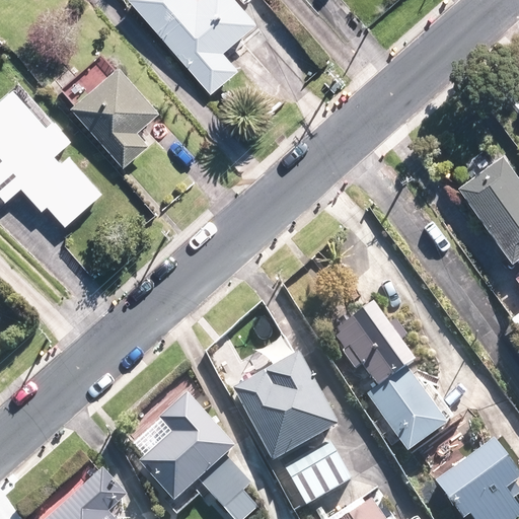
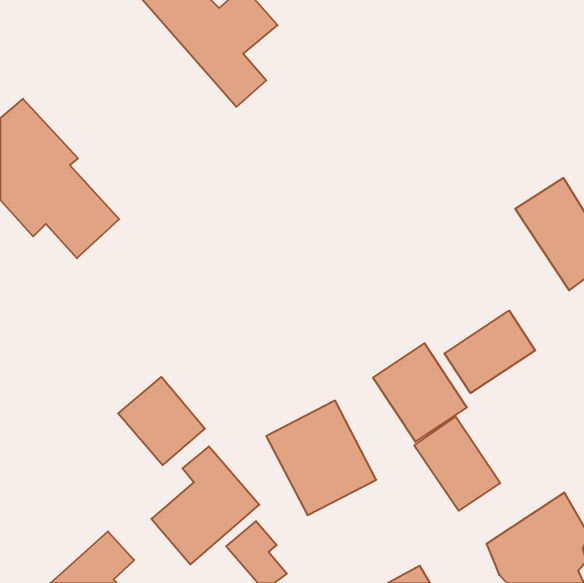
building: [73,70,152,163] -> none
building: none -> [444,311,535,393]
building: none -> [118,377,205,465]
building: [293,446,351,500] -> none

